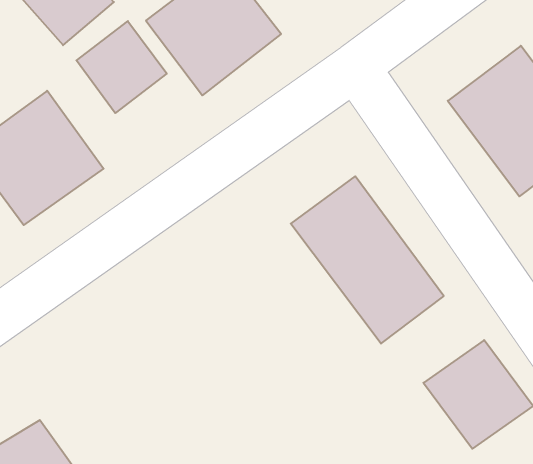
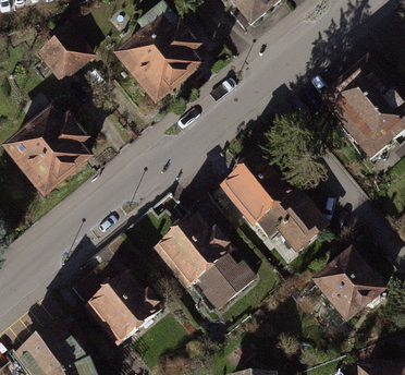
building: [76,21,167,113] -> none
building: none -> [159,217,247,311]
building: none -> [89,270,158,339]

